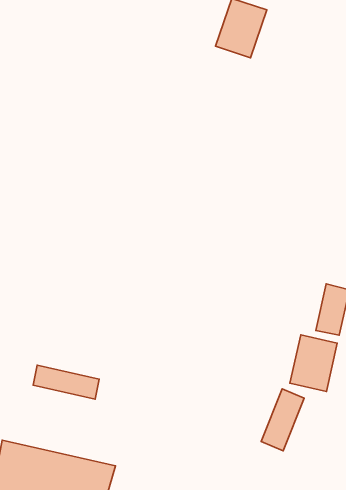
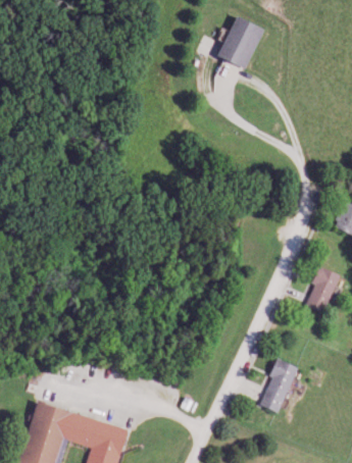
building: [290,335,337,392] -> none
building: [33,365,99,399] -> none

